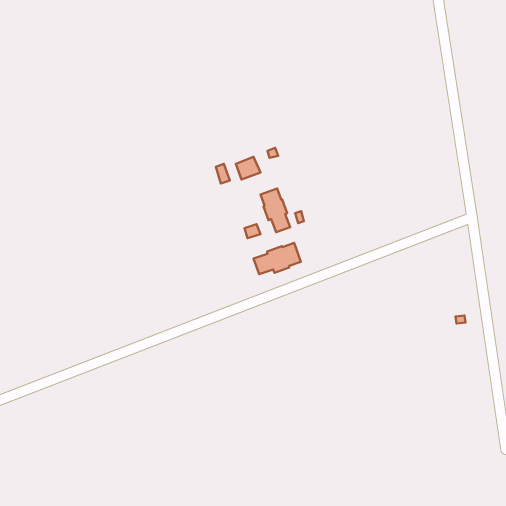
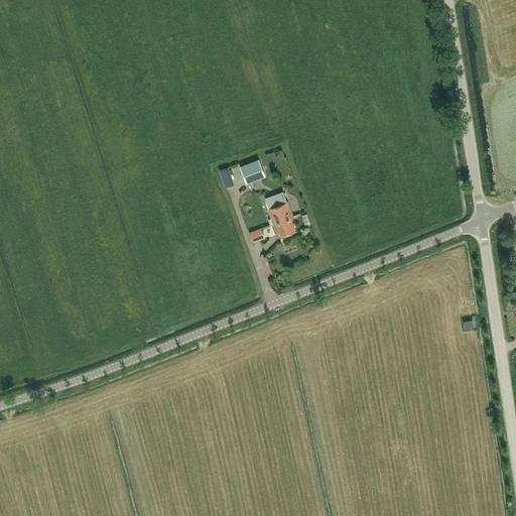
building: [254,243,301,274] -> none

